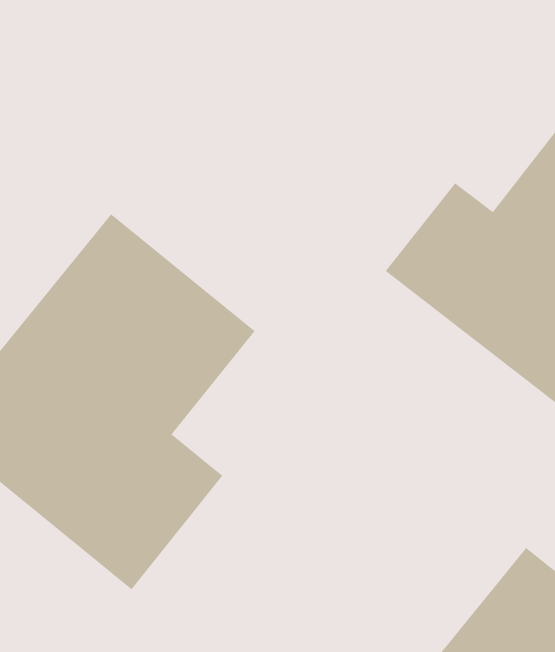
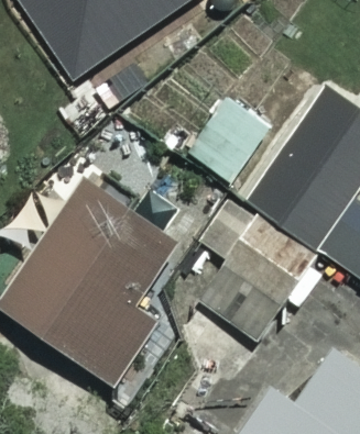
building: none -> [198,198,312,341]

